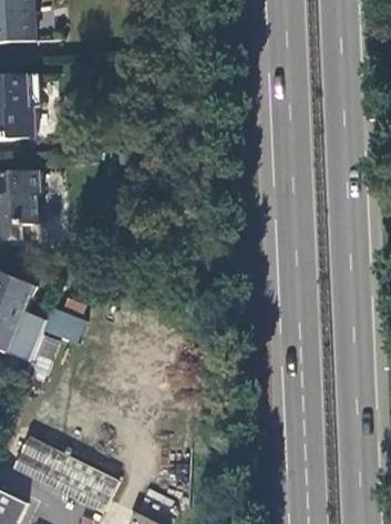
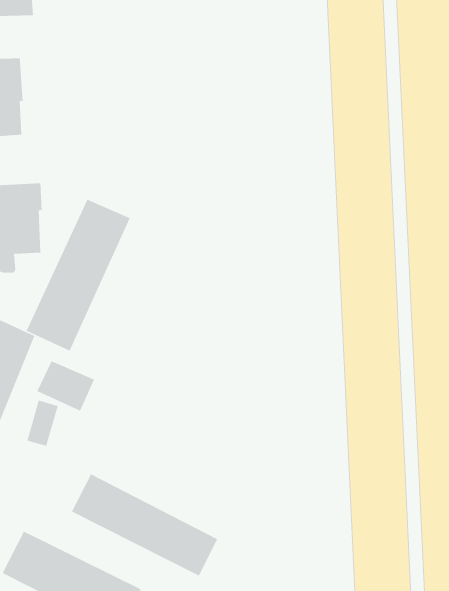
building: none -> [26,199,131,351]
building: none -> [71,473,218,577]

